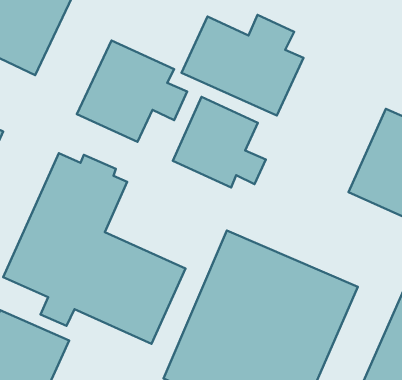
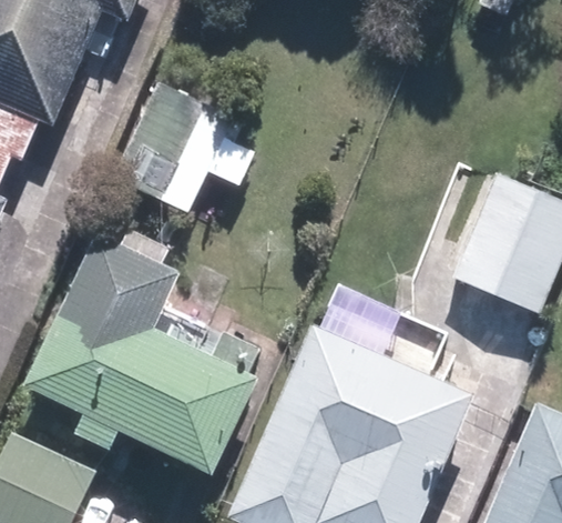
building: [182,15,303,116] -> none
building: [173,97,266,188] -> none

